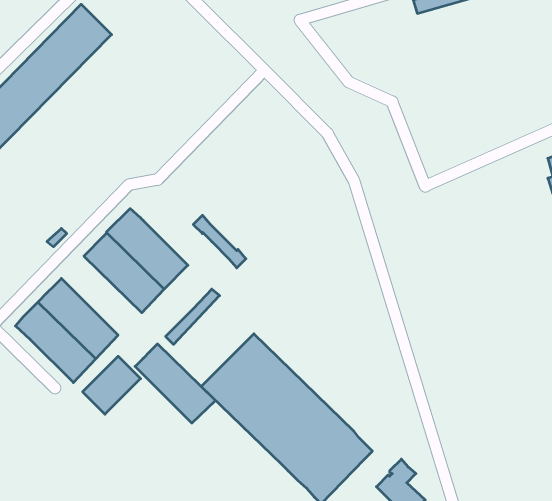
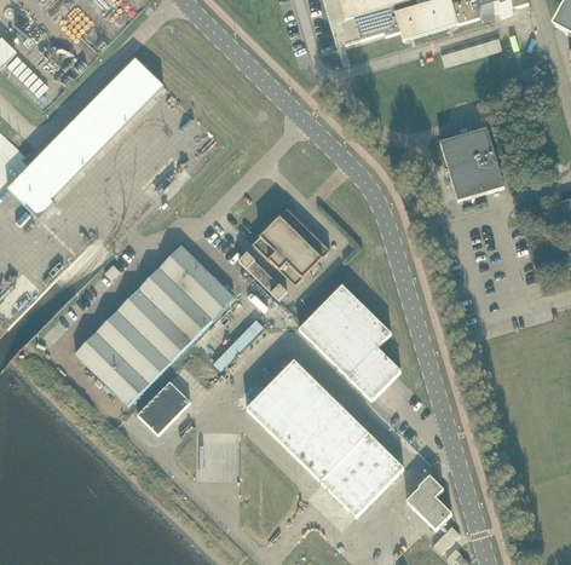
building: none -> [439,126,503,200]
building: none -> [252,207,330,284]
building: none -> [299,283,400,399]
building: [135,344,216,423] -> [117,288,191,361]

